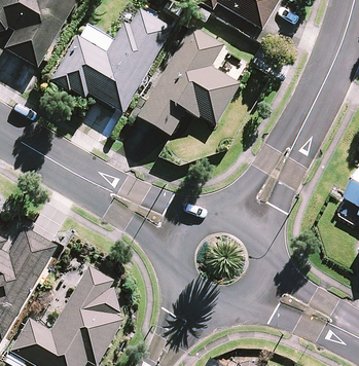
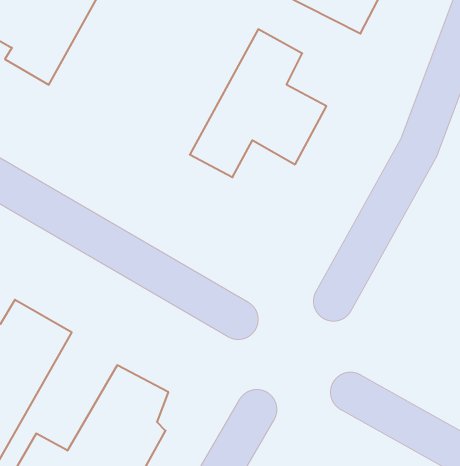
building: [49,14,166,110] -> none

